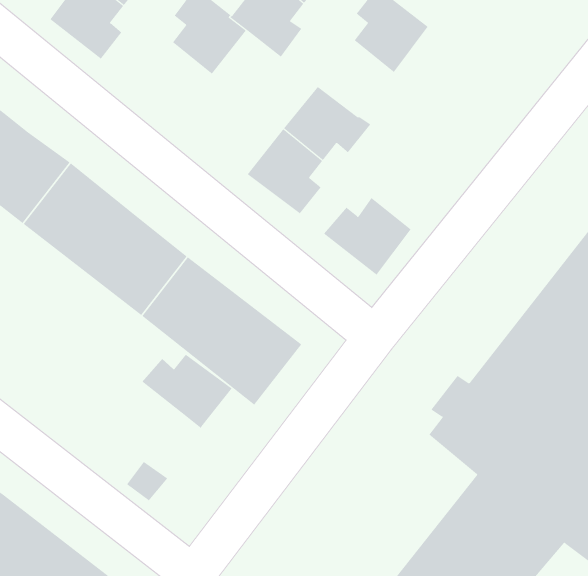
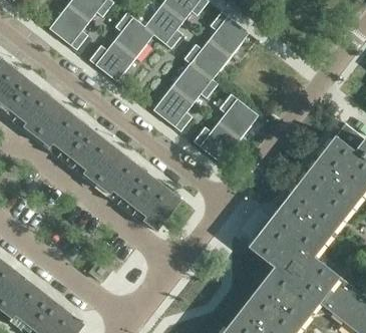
building: none -> [184,40,230,80]
building: none -> [88,41,134,82]
building: none -> [218,94,258,139]
building: [142,354,233,429] -> none

